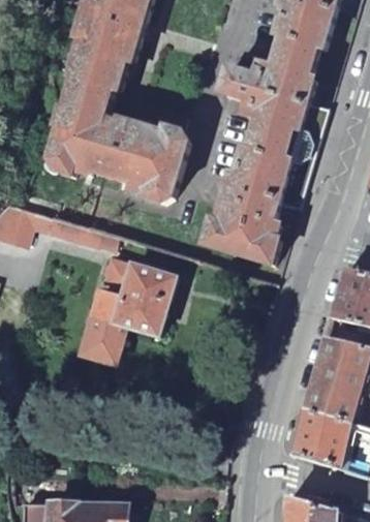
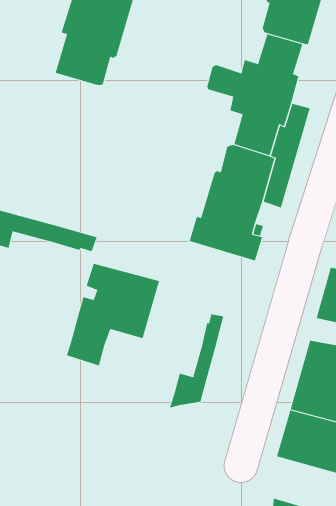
building: [49,74,186,198] -> none
building: none -> [169,313,224,409]

